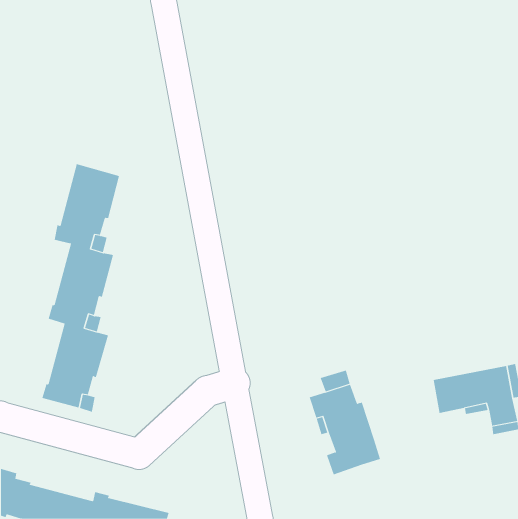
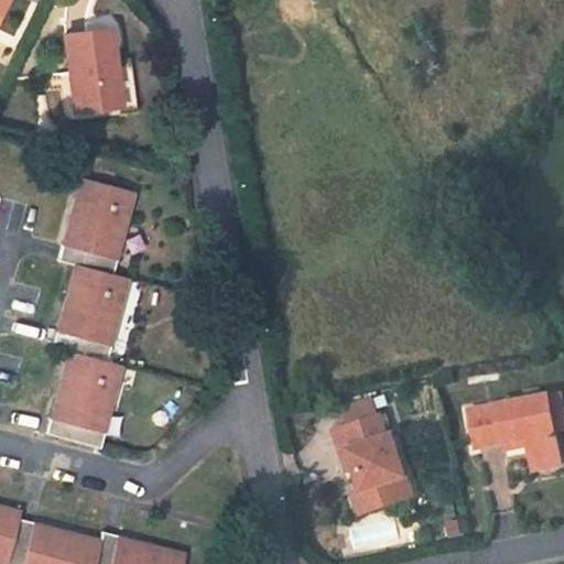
building: none -> [64,29,119,111]

